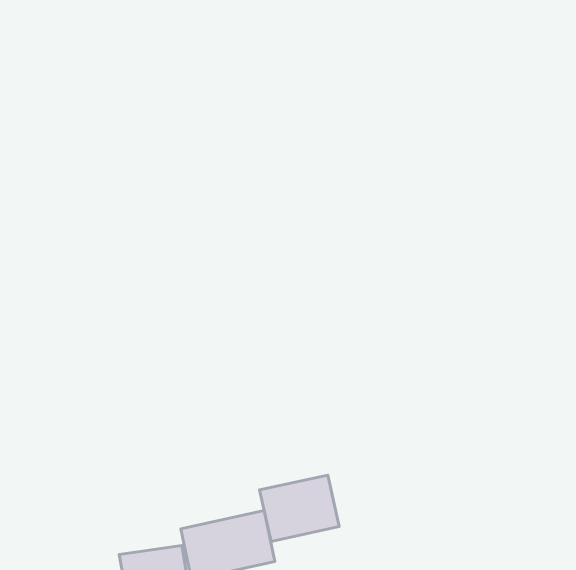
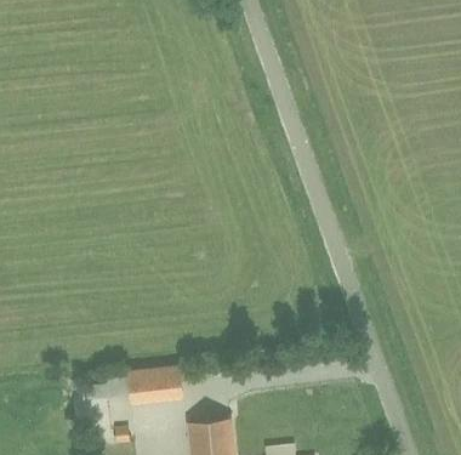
building: [259,475,339,541] -> none

